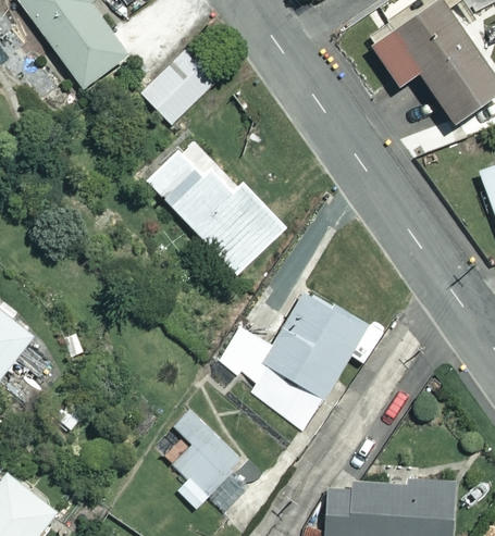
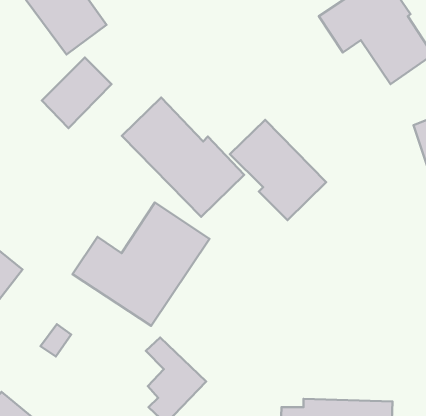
building: [141,46,221,126] -> [42,58,112,128]
building: none -> [230,120,326,220]
building: [214,288,370,428] -> [73,202,209,326]

